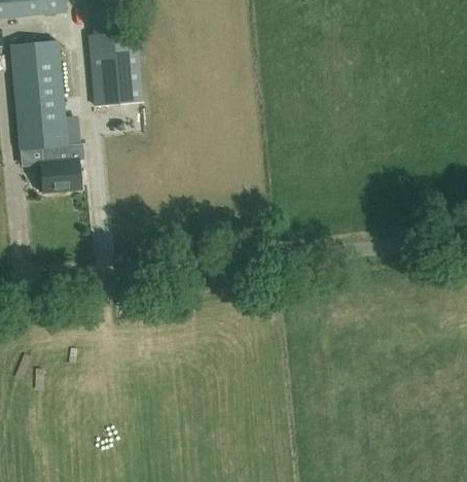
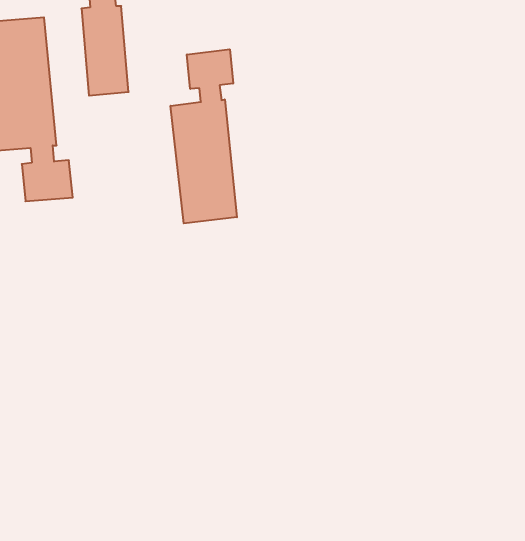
building: none -> [171,49,237,223]

